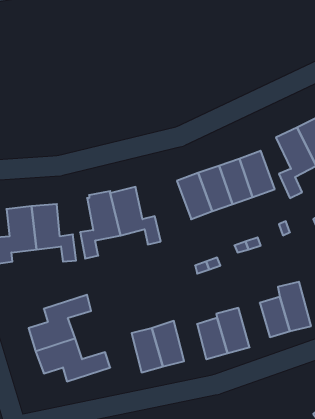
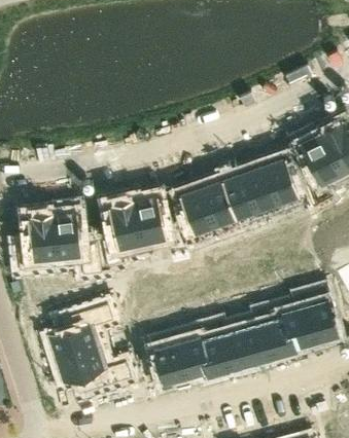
building: none -> [178,187,214,233]
building: none -> [260,306,295,357]
building: none -> [197,324,230,374]

